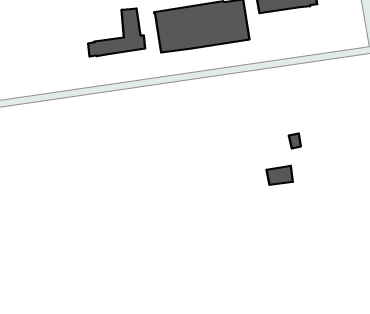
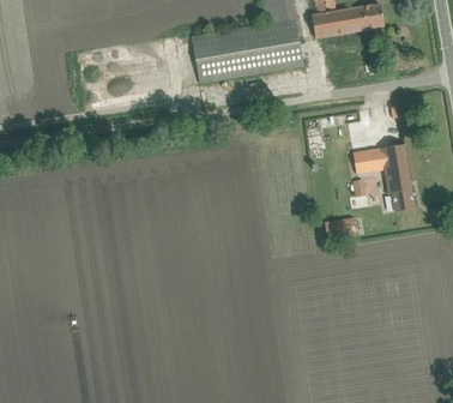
building: [88,8,145,57] -> none
building: none -> [354,144,415,211]

